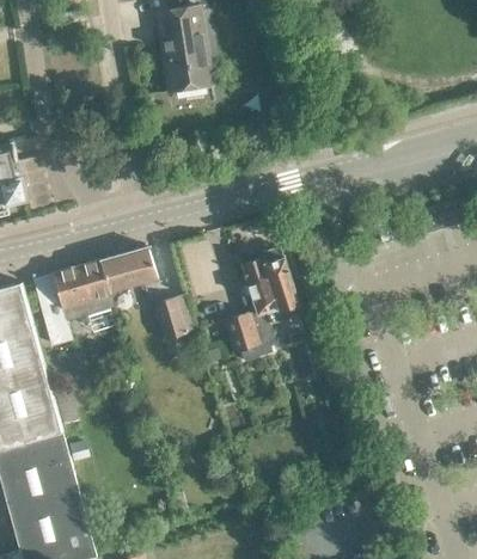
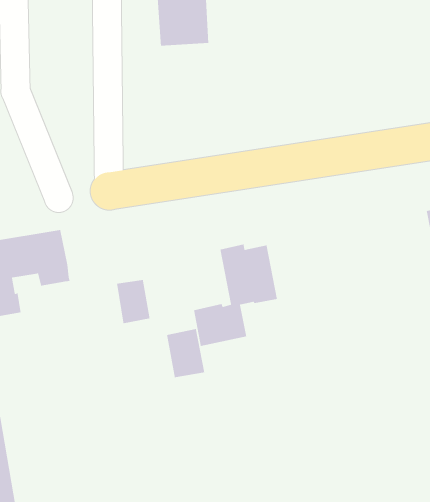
building: [99,247,157,293] -> none
building: none -> [166,328,205,378]

